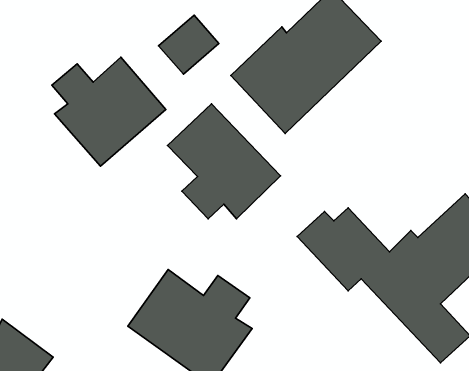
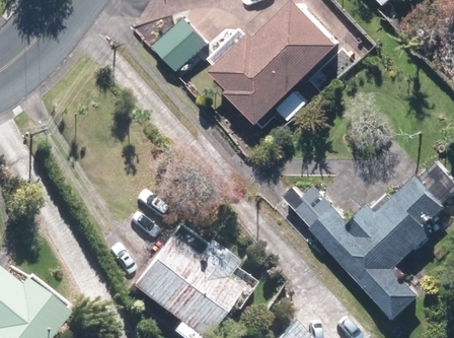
building: [52,57,166,166] -> none
building: [167,104,280,219] -> none

